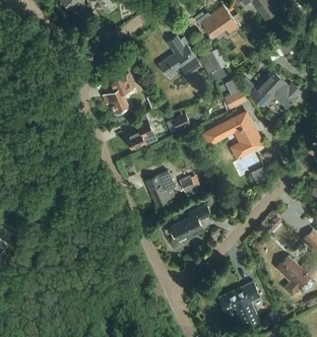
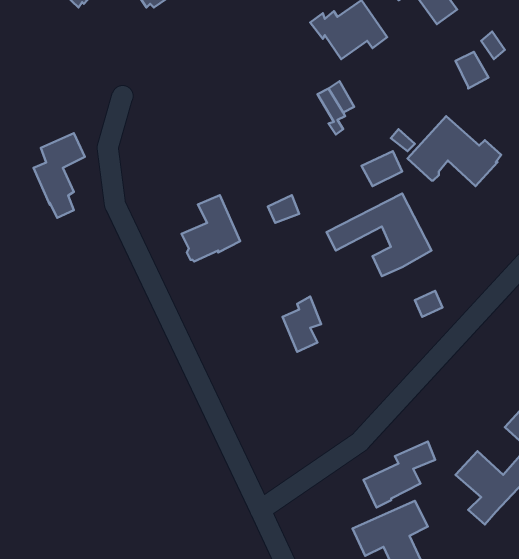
building: [158,35,201,75] -> none
building: [106,74,134,121] -> [33,133,85,218]
building: [146,170,174,203] -> none
building: [171,204,210,241] -> [363,441,435,508]

